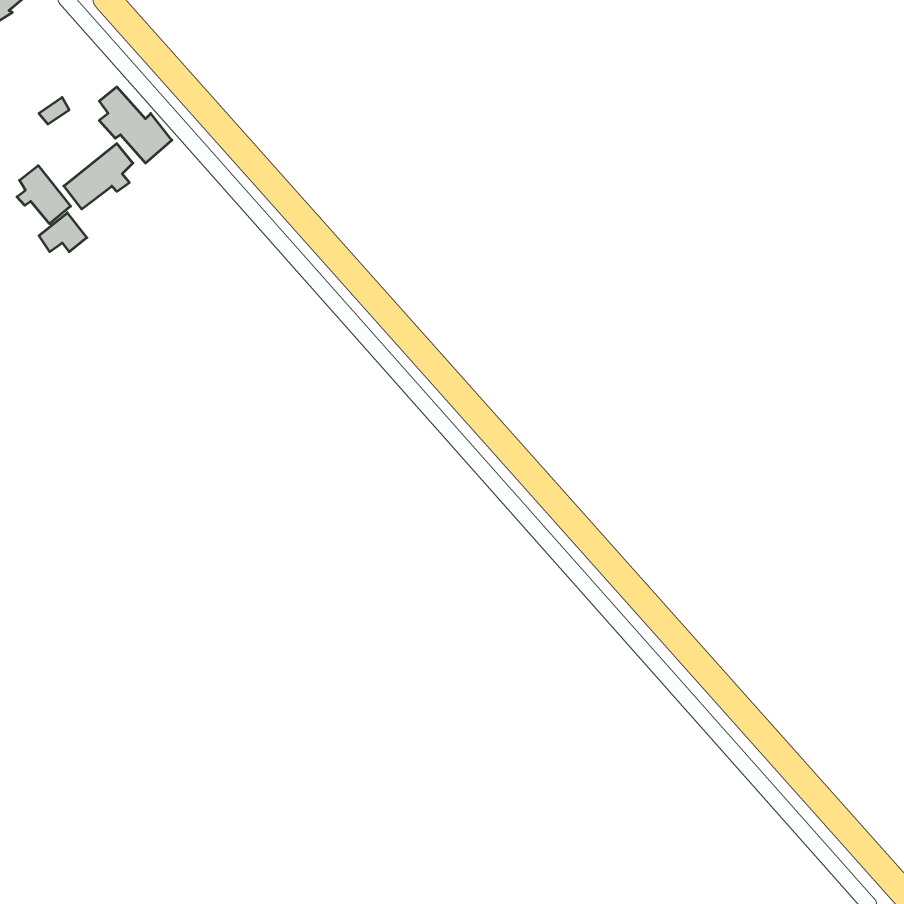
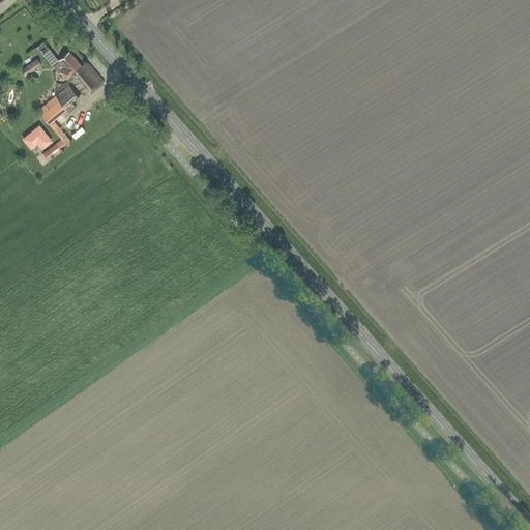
building: [17,166,71,224] -> none

